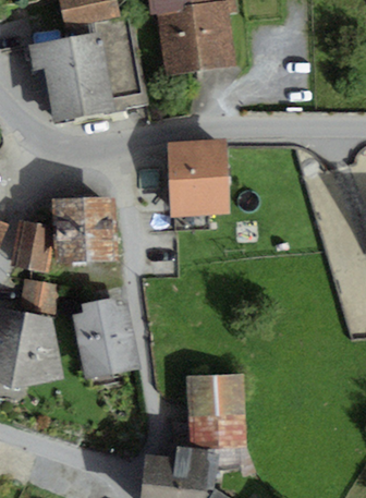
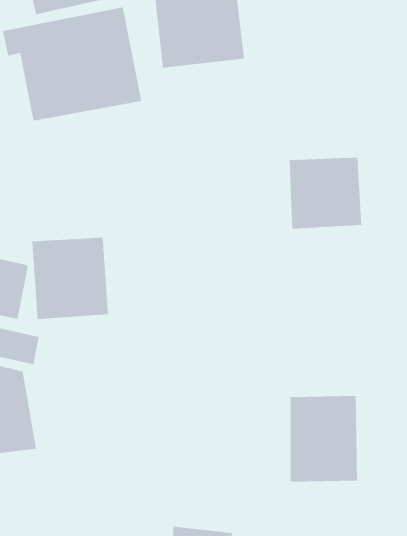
building: [163,151,223,210] -> [289,157,362,229]
building: [73,299,139,380] -> none
building: [191,372,246,442] -> [290,396,358,482]

